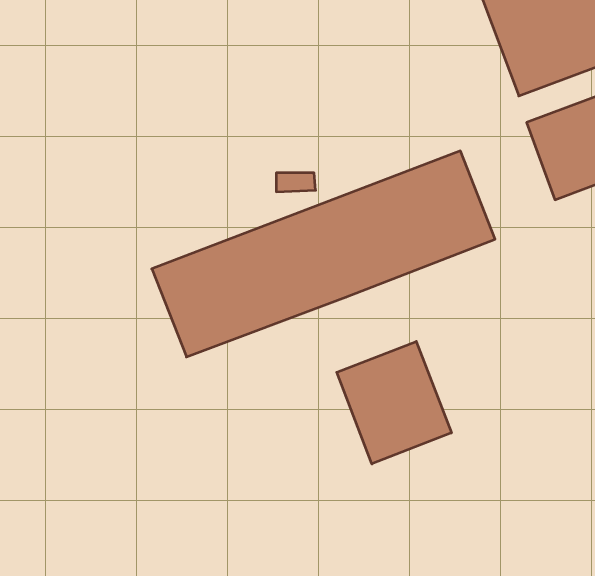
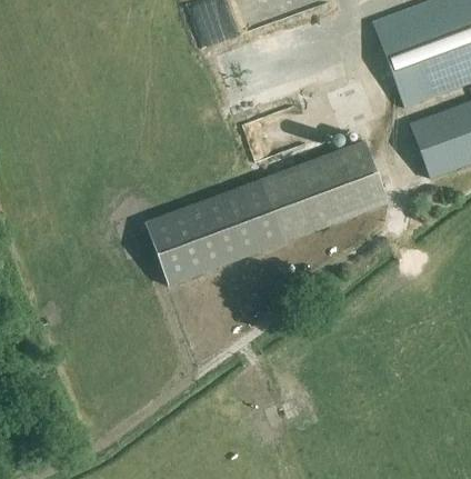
building: [337,341,451,464] -> none

